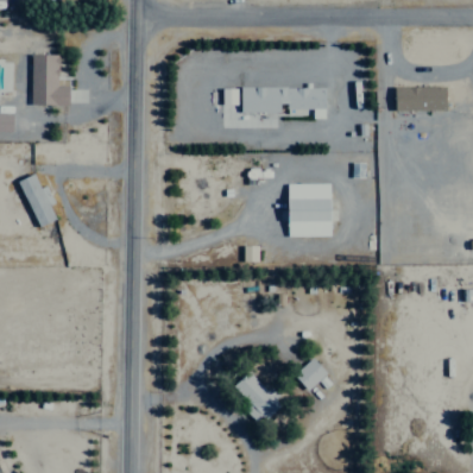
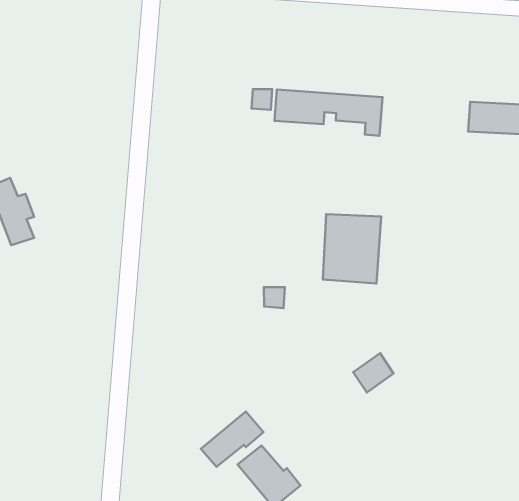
building: [32,53,71,105] -> none
building: none -> [201,411,263,467]
building: [296,358,328,390] -> [353,353,394,393]

